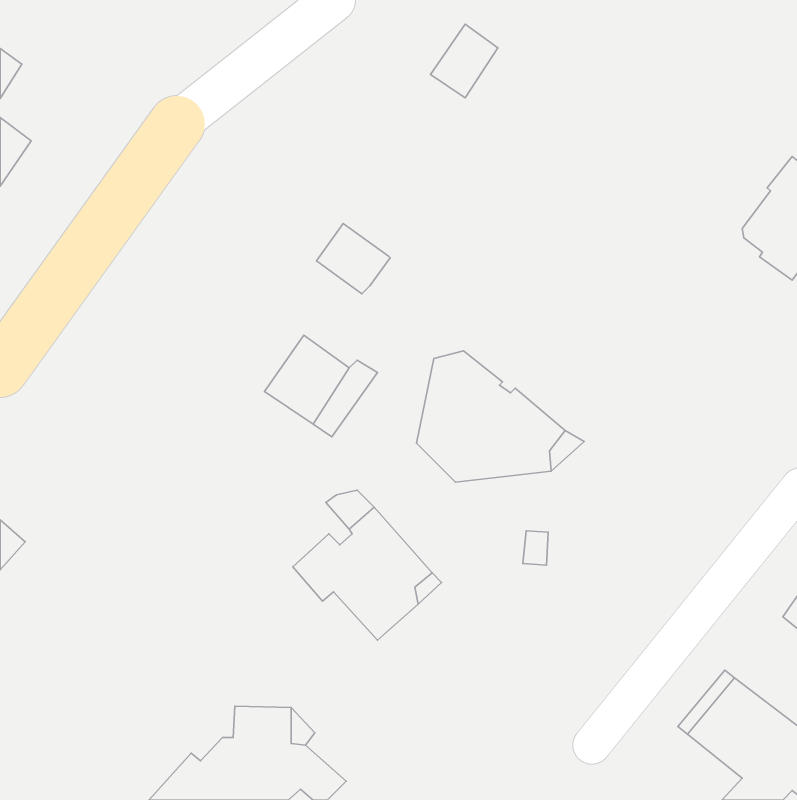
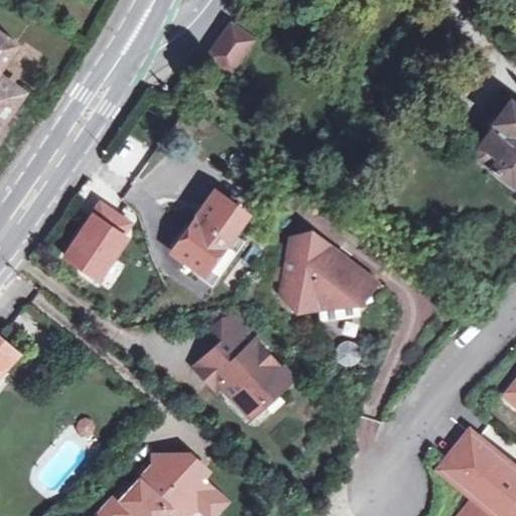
building: [431,24,498,98] -> [210,23,253,71]
building: [317,223,390,294] -> [198,191,245,237]
building: none -> [60,199,140,292]

